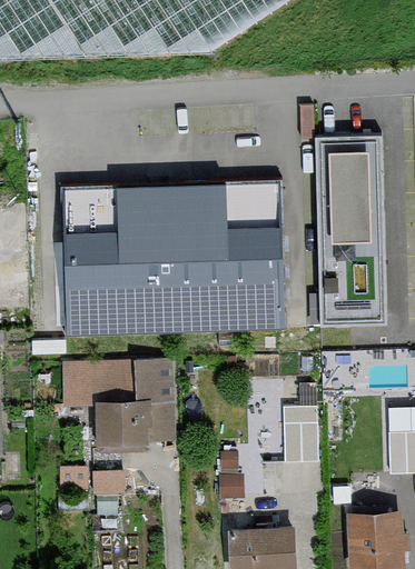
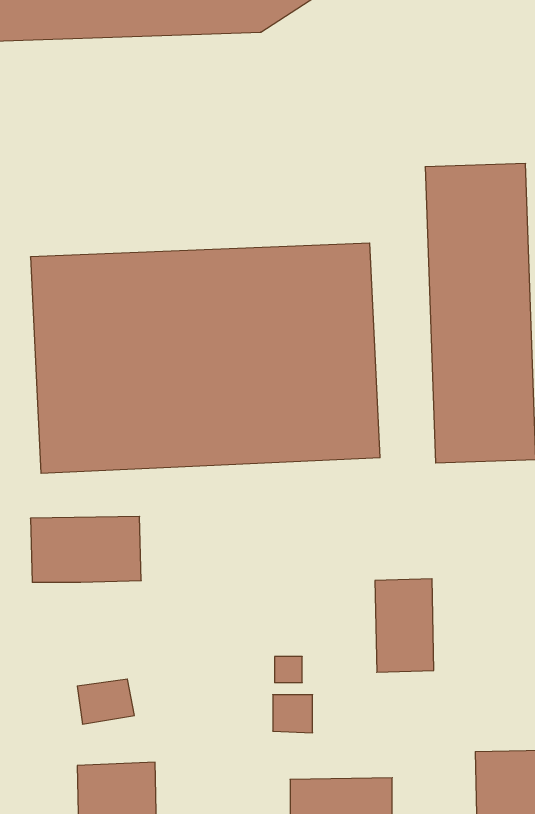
building: [93,359,172,451] -> none

